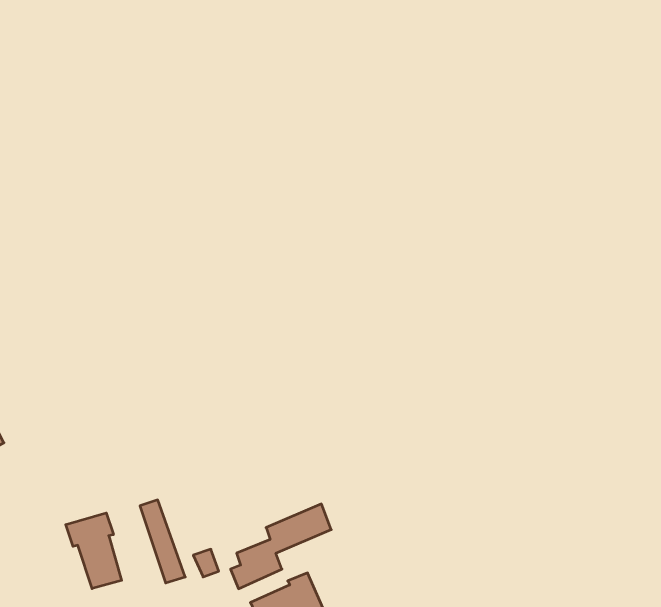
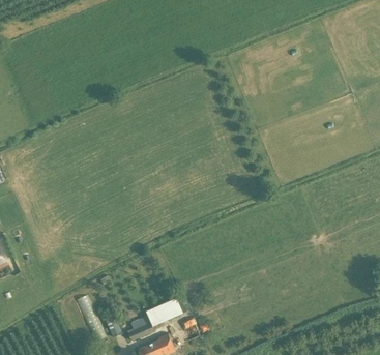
building: [66,513,122,589] -> none

